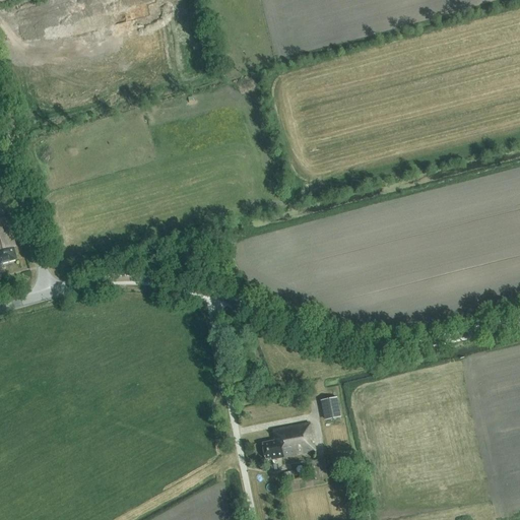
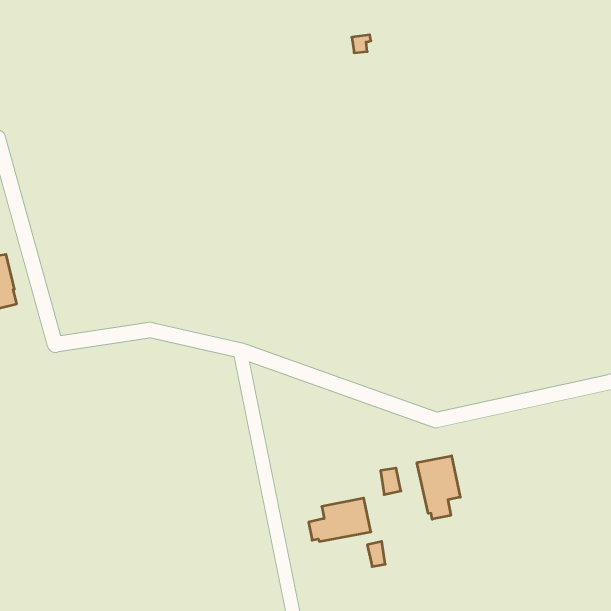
building: none -> [417,456,460,519]

